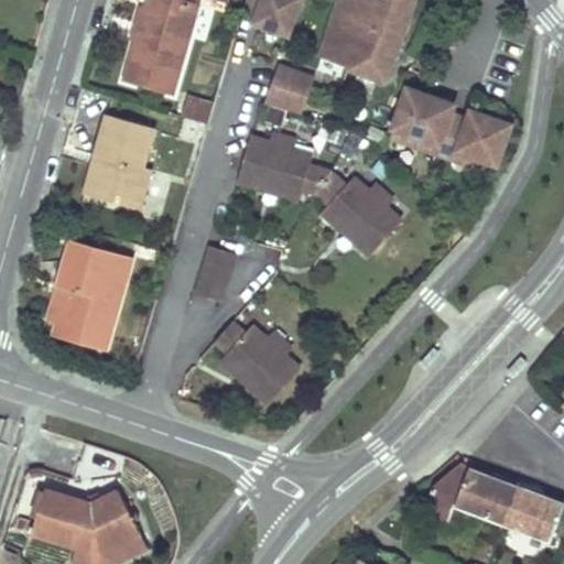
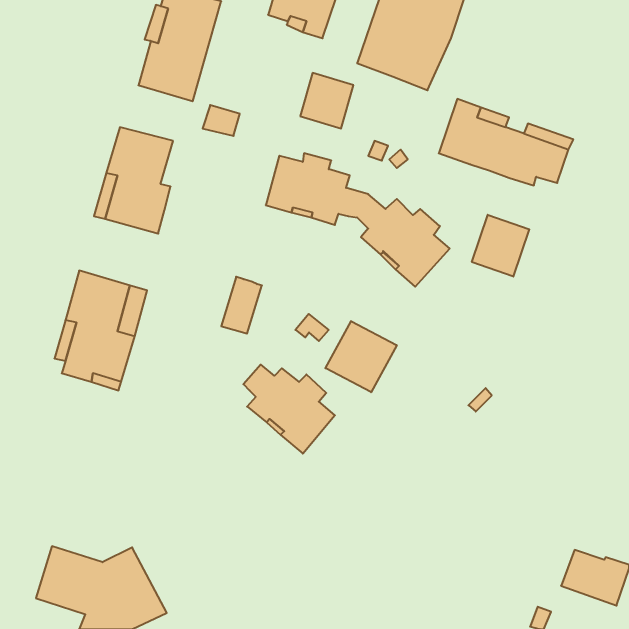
building: none -> [472,215,529,277]
building: none -> [325,321,397,392]
building: [421,468,512,522] -> none

